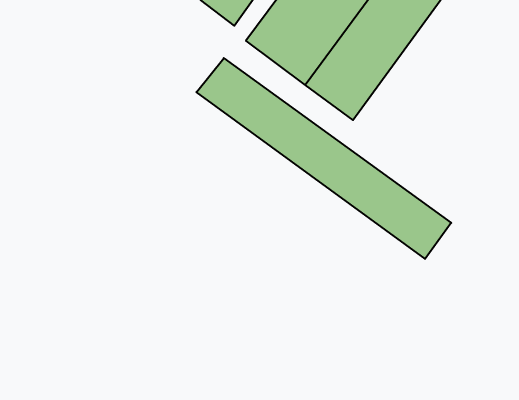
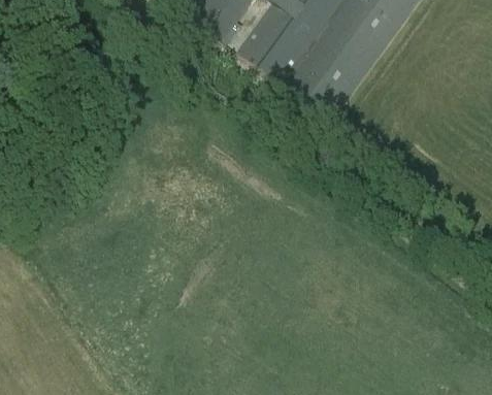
building: [196,58,451,259] -> none

